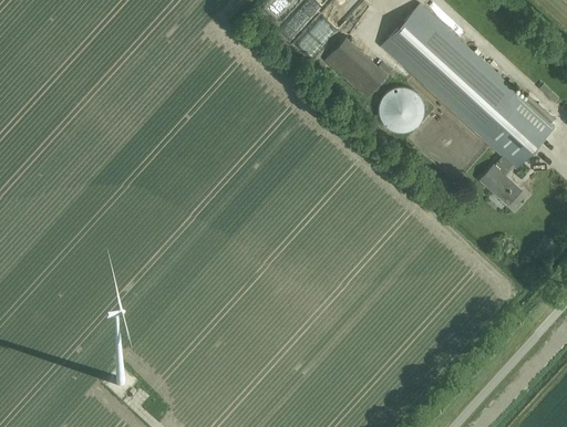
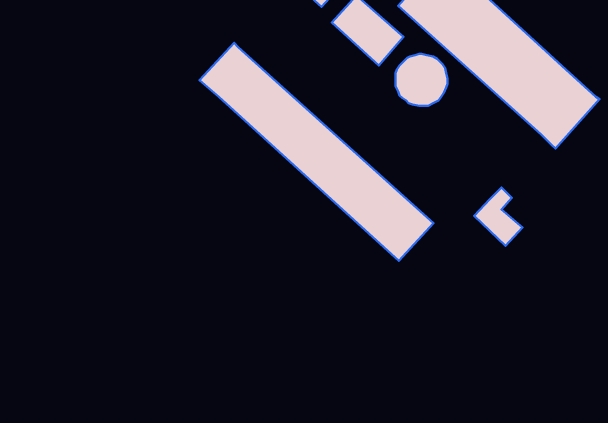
building: none -> [199,43,434,261]
building: [481,156,522,206] -> [474,187,522,246]

